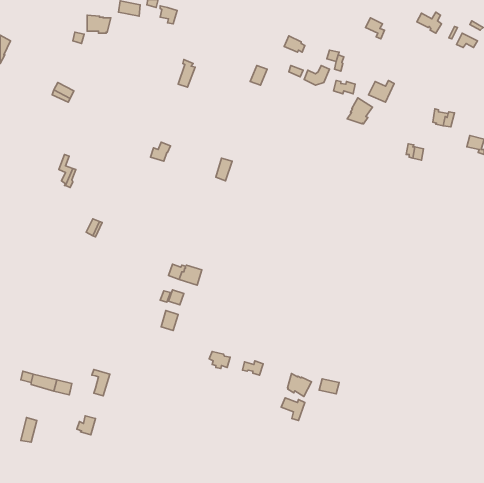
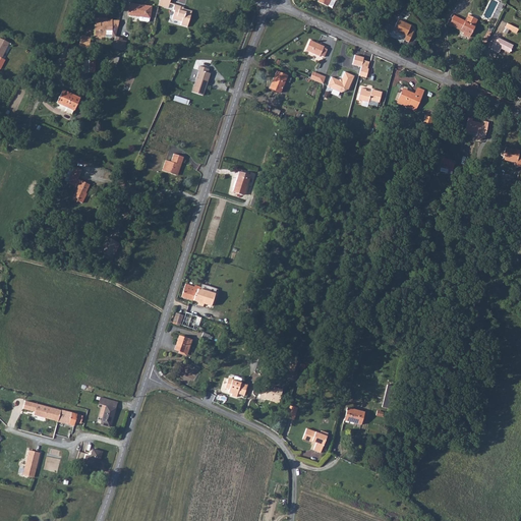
building: [347,98,372,124] -> none
building: [287,373,312,396] -> none

